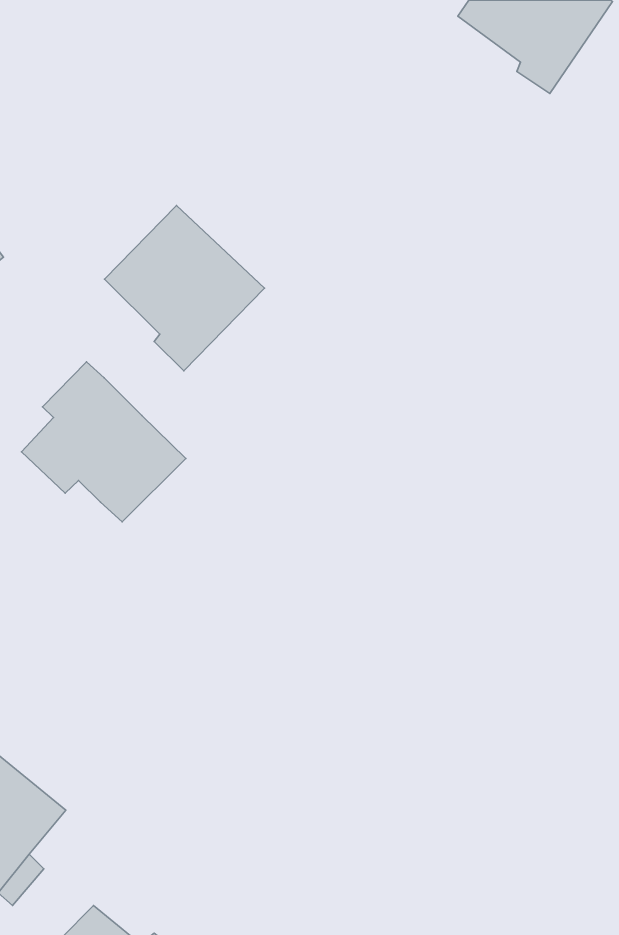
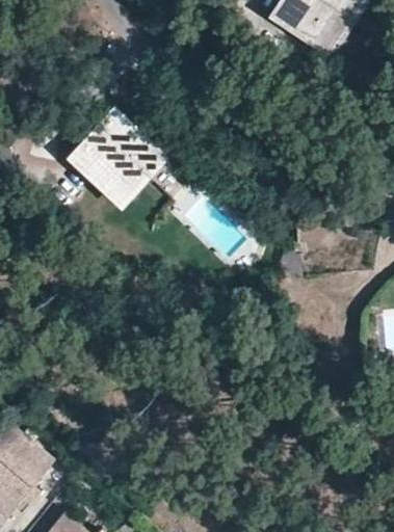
building: [21,362,186,522] -> none

